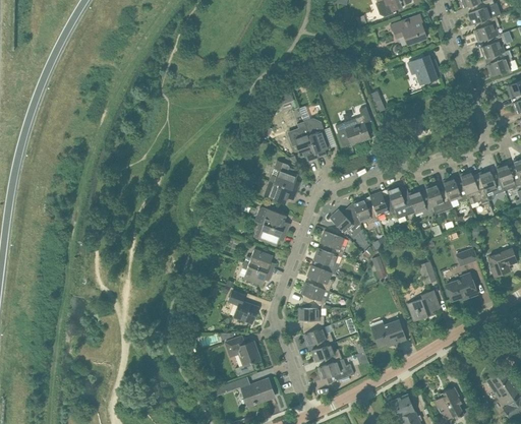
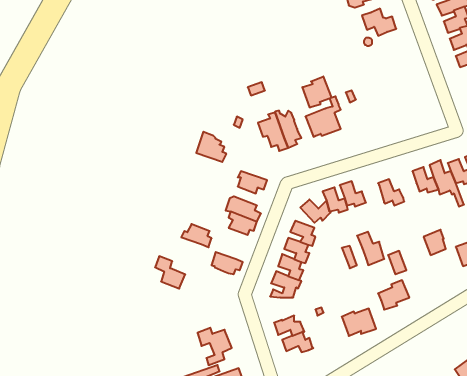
building: [408,55,441,84] -> none
building: none -> [302,76,331,108]
building: [270,160,300,190] -> [196,132,226,162]
building: [425,183,452,209] -> none
building: [387,185,414,219] -> [357,232,384,265]
building: [244,249,275,272] -> [181,224,212,247]
building: [446,274,477,301] -> none
building: [228,290,258,322] -> [155,256,185,289]
building: [298,307,325,331] -> none
building: [317,358,354,380] -> none

